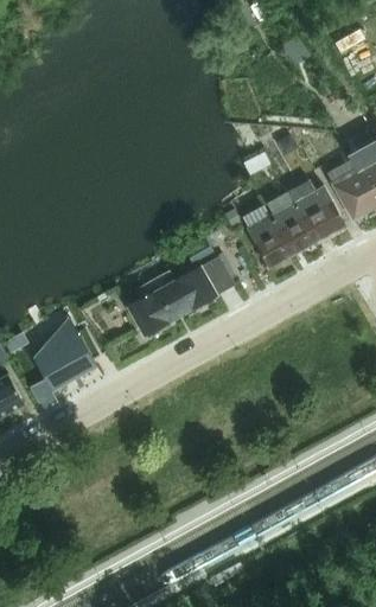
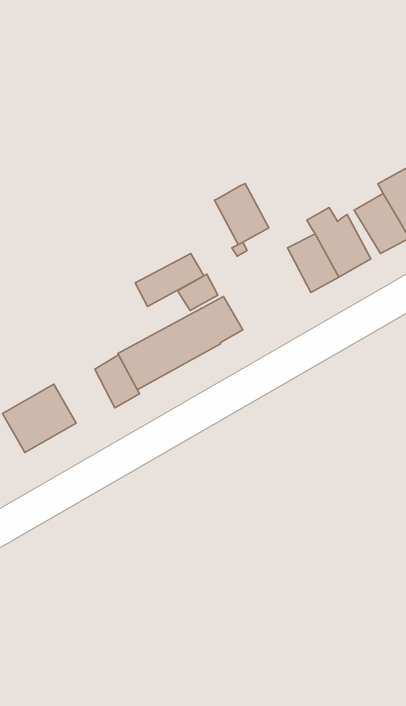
building: [247,212,293,264] -> [215,183,269,245]
building: none -> [135,253,204,306]
building: none -> [95,355,139,408]

